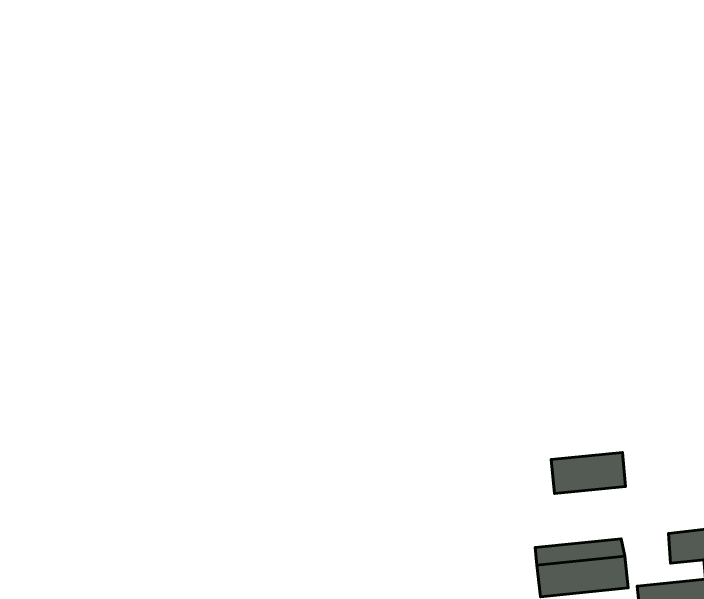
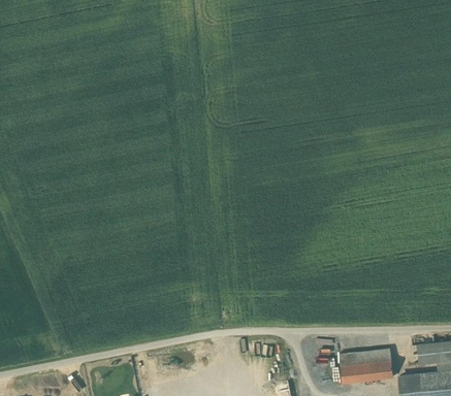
building: [551,452,626,494] -> none

